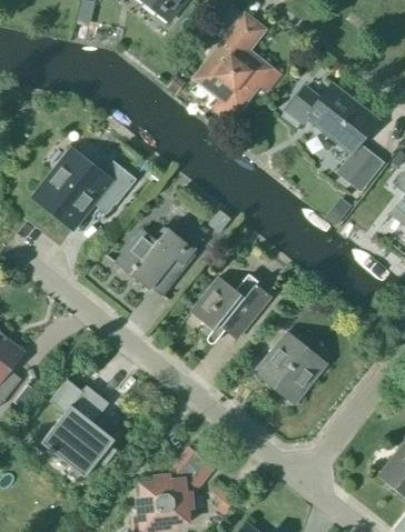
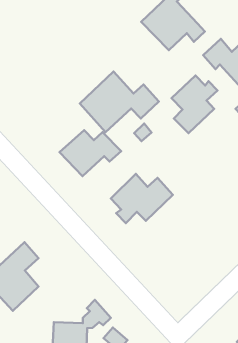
building: none -> [171,76,217,133]
building: [33,149,136,229] -> [80,72,159,132]
building: [255,331,326,403] -> none

